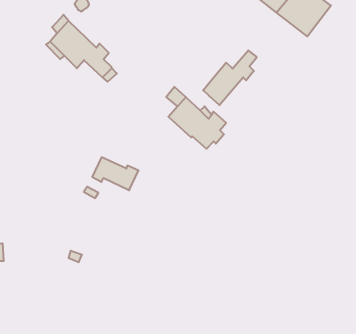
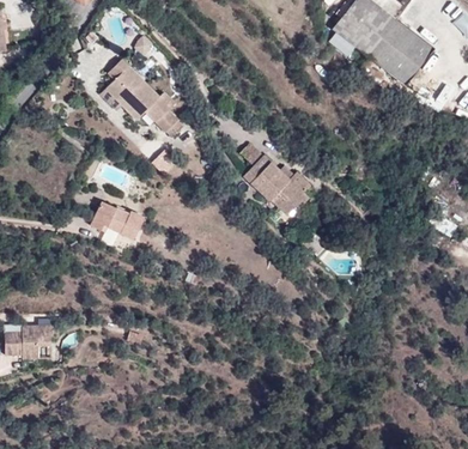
building: [203,50,256,105] -> none
building: [92,157,139,190] -> [90,201,144,239]

